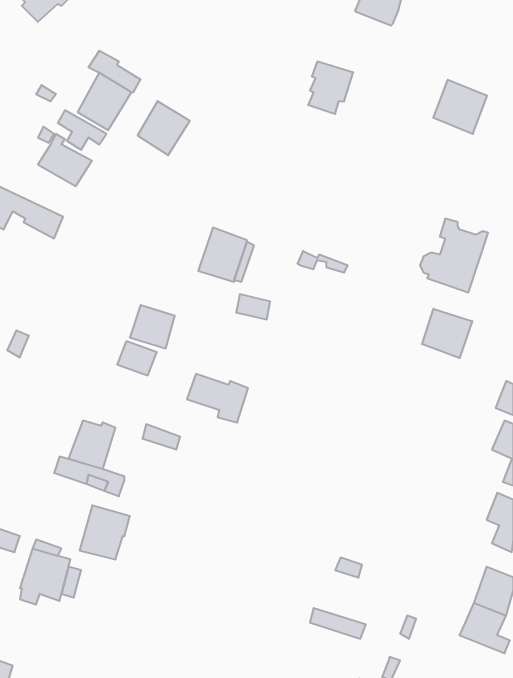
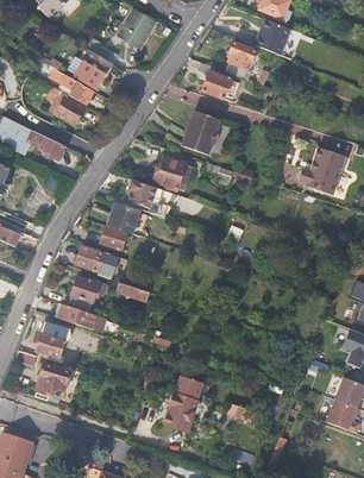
building: [433,80,487,134] -> [253,19,289,55]
building: none -> [200,62,232,98]
building: [138,101,190,155] -> [120,10,155,45]
building: none -> [184,109,221,153]
building: none -> [125,178,163,208]
building: [422,309,472,358] -> none
building: [187,374,248,423] -> [76,246,117,278]
building: [80,505,130,560] -> [37,321,70,357]
building: none -> [164,376,203,430]

